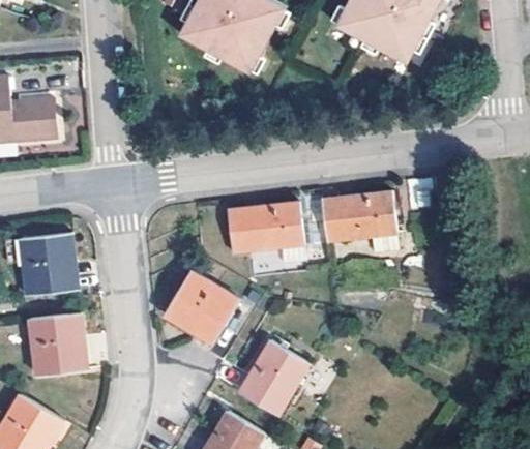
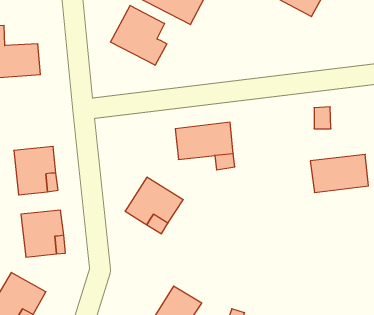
building: none -> [110,5,167,65]
building: [323,189,398,238] -> [310,154,368,192]
building: [237,338,307,414] -> none

